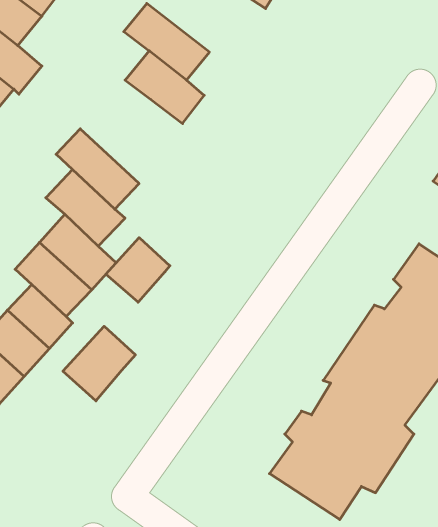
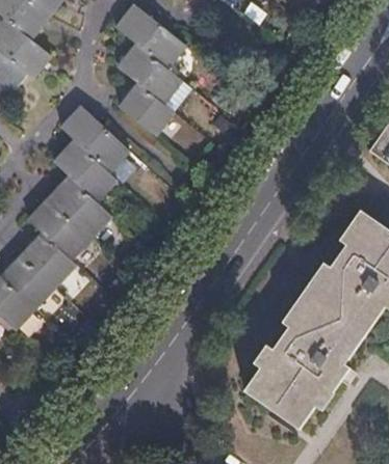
building: none -> [121,84,175,136]
building: [106,238,170,302] -> none
building: [63,326,135,401] -> none

